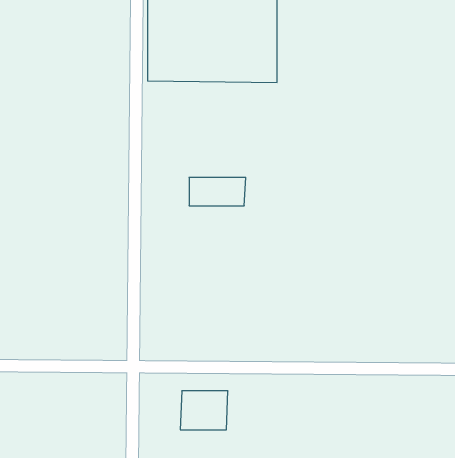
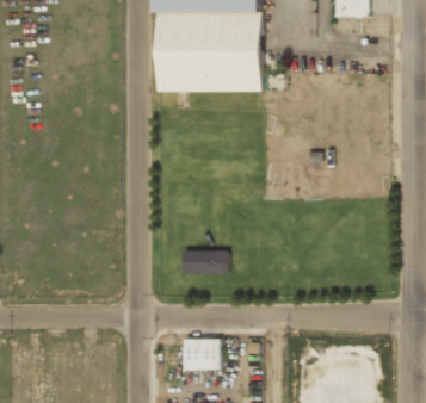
building: [189,177,246,206] -> [183,250,228,273]

